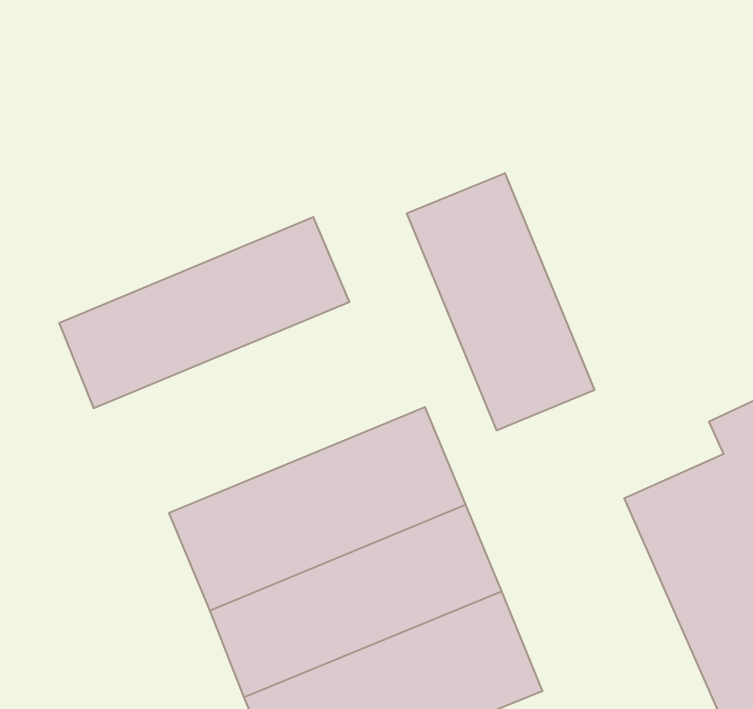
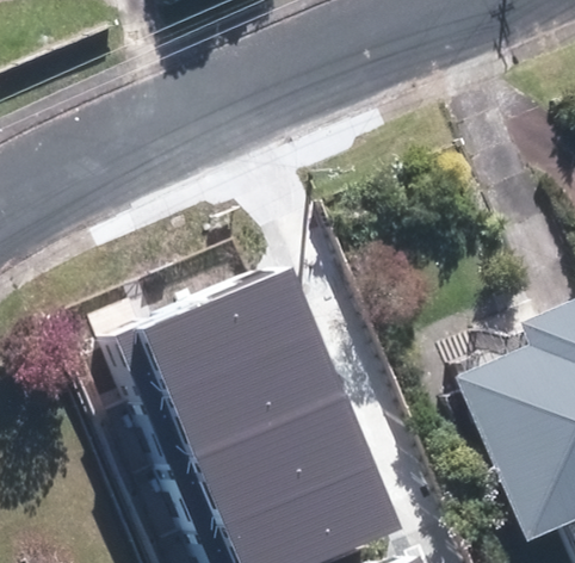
building: [407,173,595,430] -> none
building: [59,217,349,408] -> [104,259,316,398]

